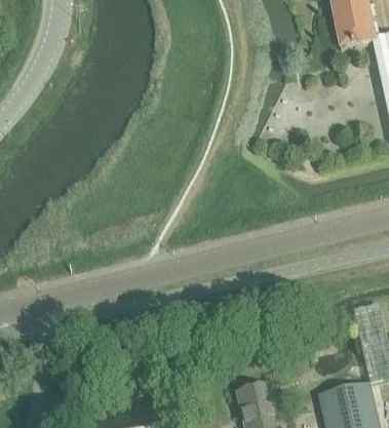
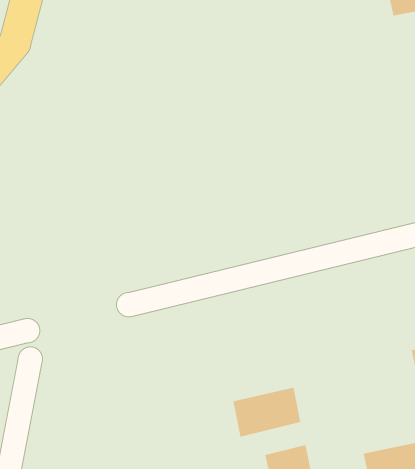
building: none -> [233,387,301,438]

